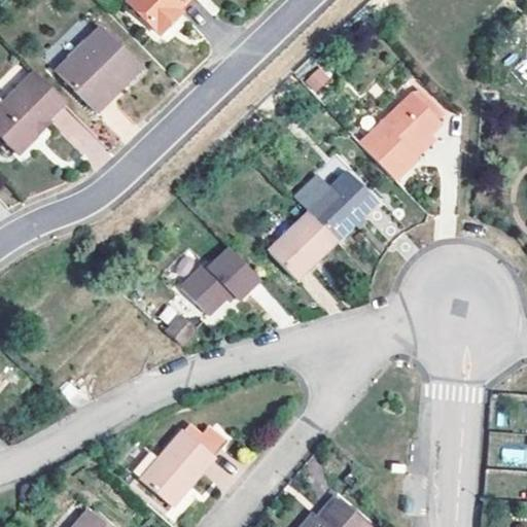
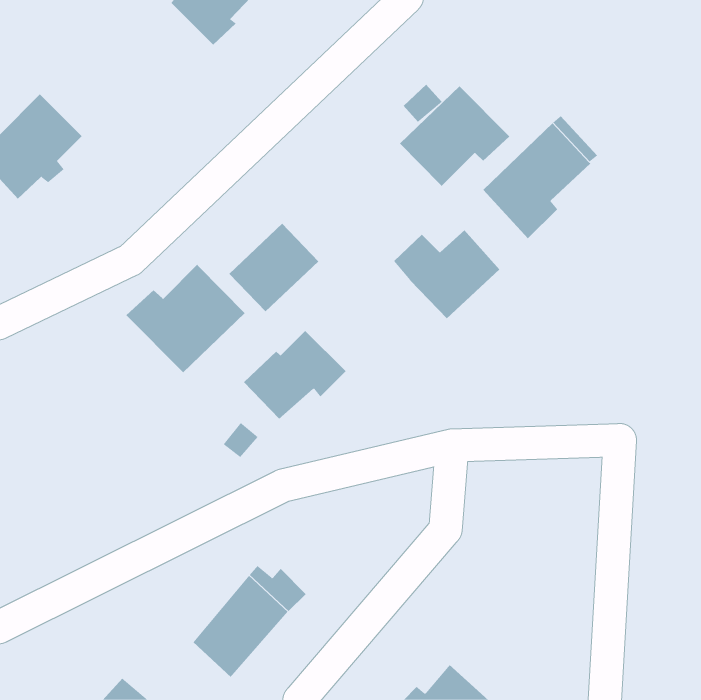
building: [56,28,141,113] -> none
building: none -> [399,86,510,187]
building: none -> [125,264,245,373]
building: [267,210,335,277] -> [229,223,319,312]

